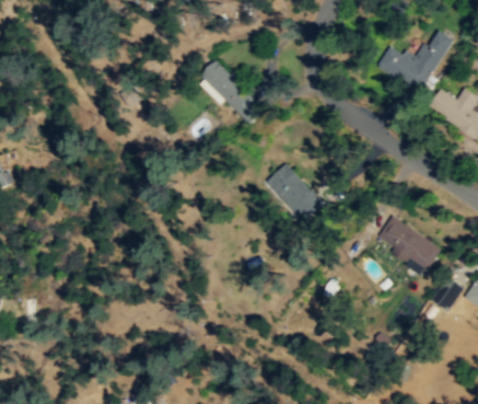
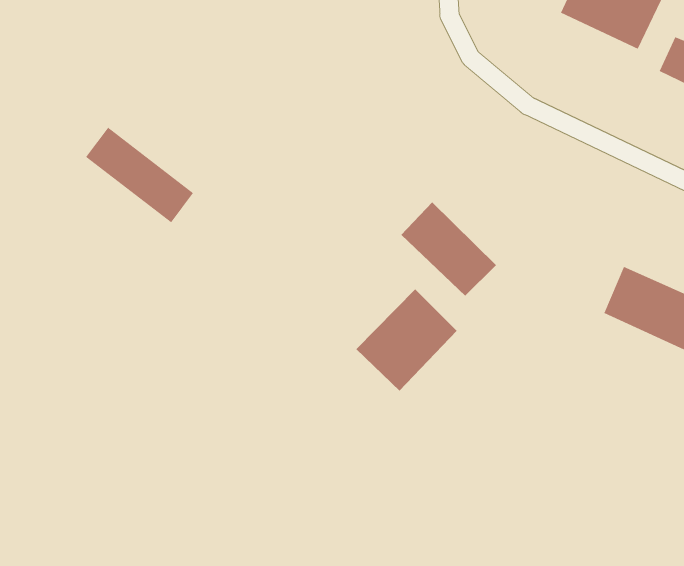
building: [200,59,259,119] -> [85,127,194,223]
building: none -> [355,288,457,392]

